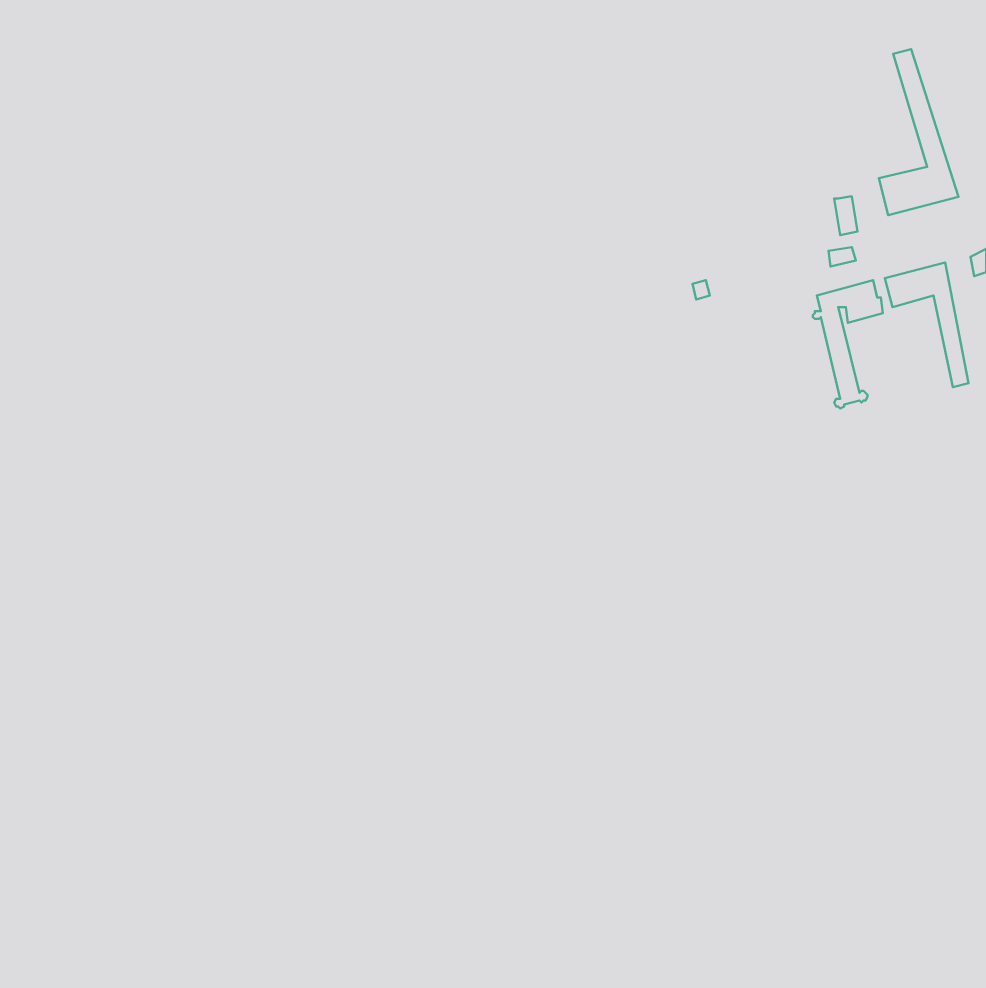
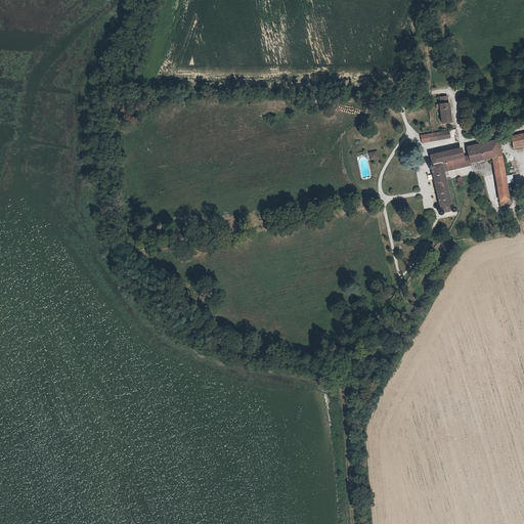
building: [879,49,958,215] -> none

